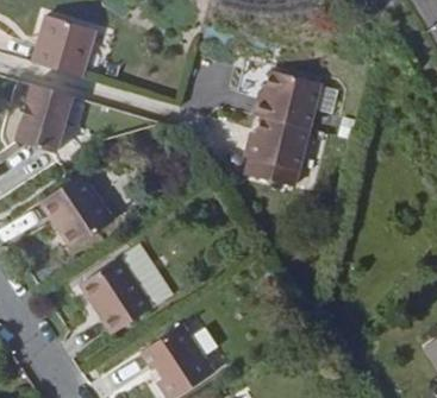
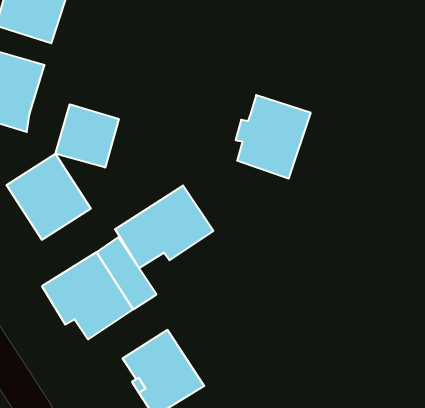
building: [254,72,323,135] -> none
building: none -> [56,104,119,168]
building: none -> [115,185,213,268]

